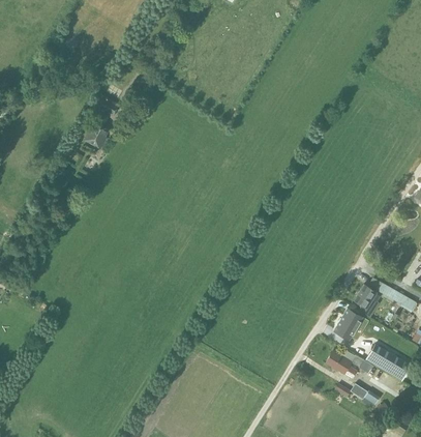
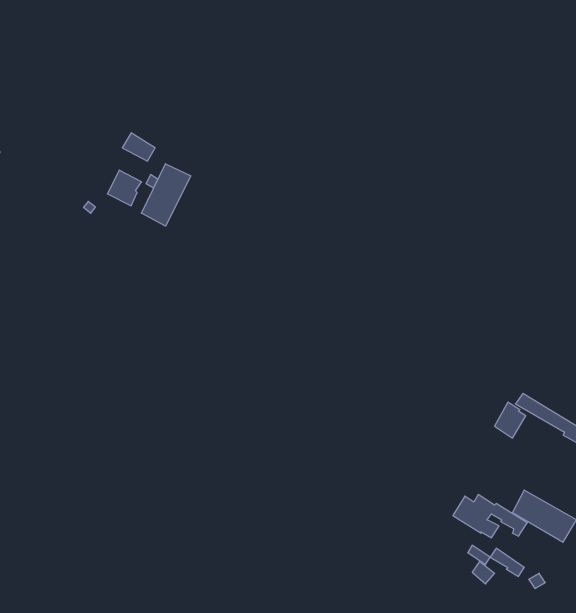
building: none -> [141,164,191,226]
building: [334,309,363,341] -> none

